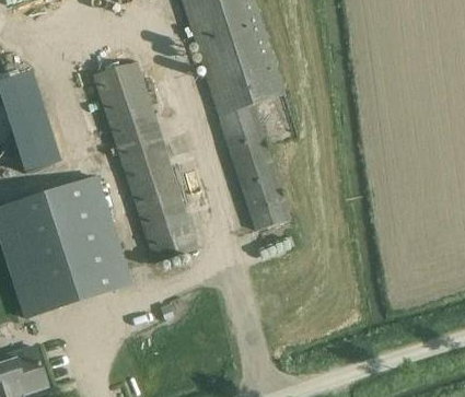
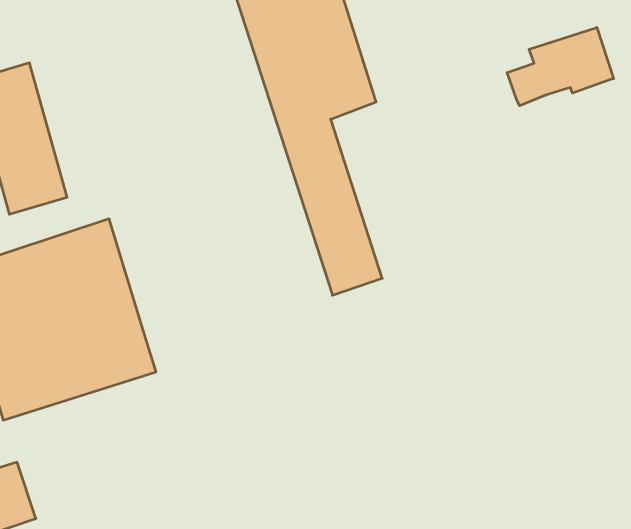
building: none -> [507,27,614,106]
building: [92,59,199,261] -> none

